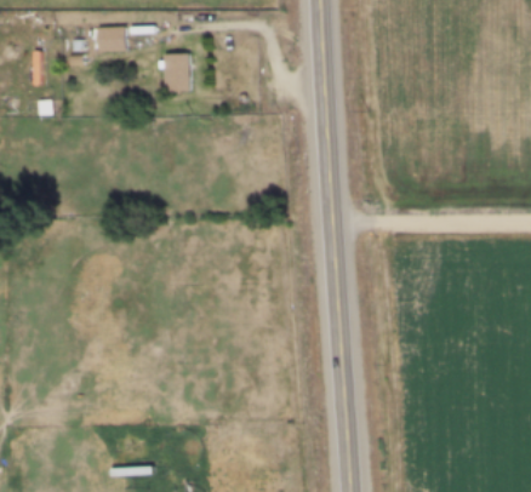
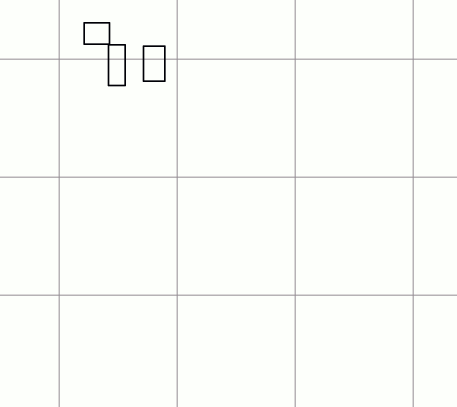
building: none -> [109,45,125,85]

